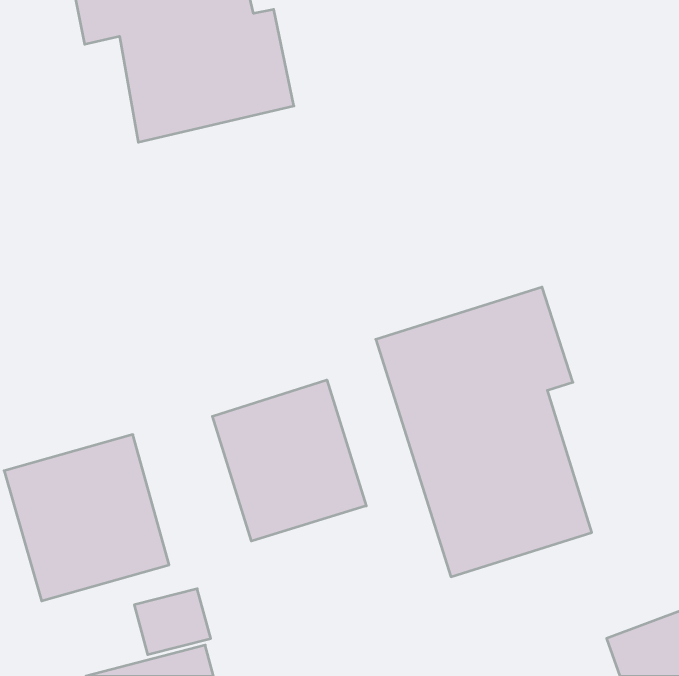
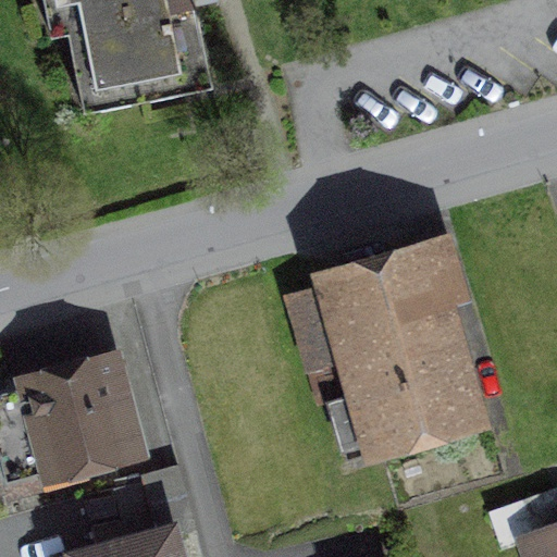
building: [212,380,366,541] -> none

